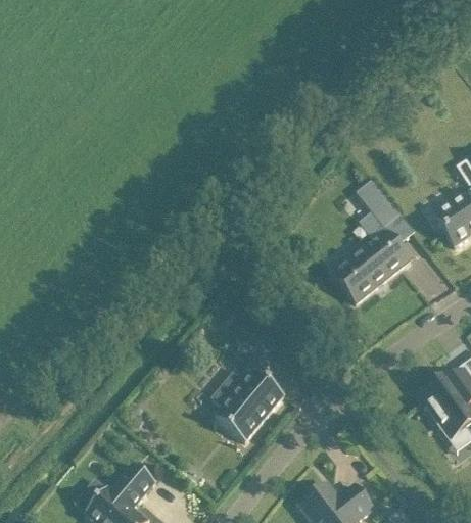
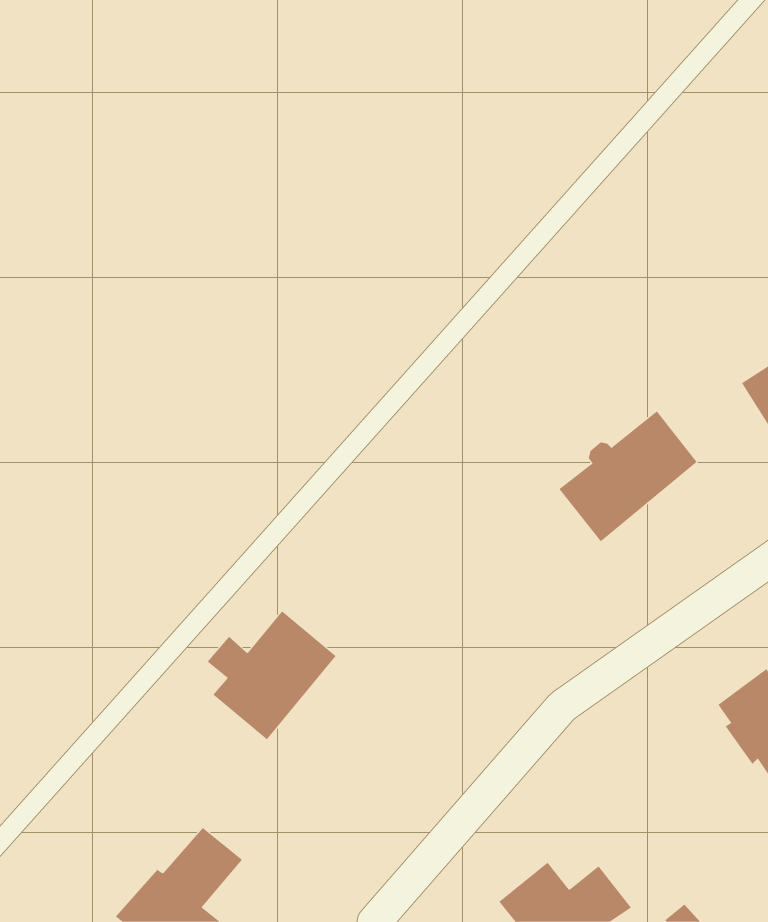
building: [357,183,398,227] -> none
building: [210,369,283,441] -> [207,610,336,740]

